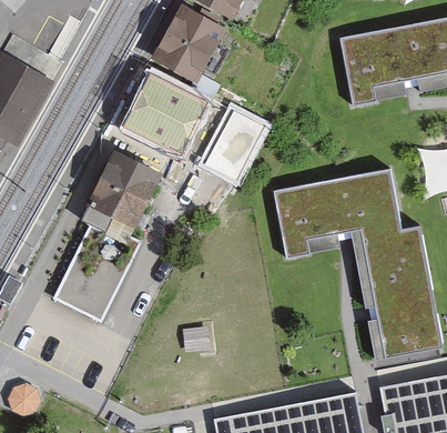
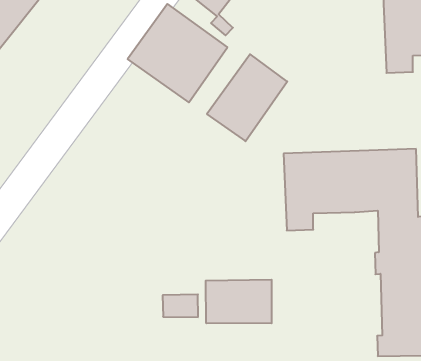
building: [53,152,158,321] -> none
building: none -> [206,280,272,323]

